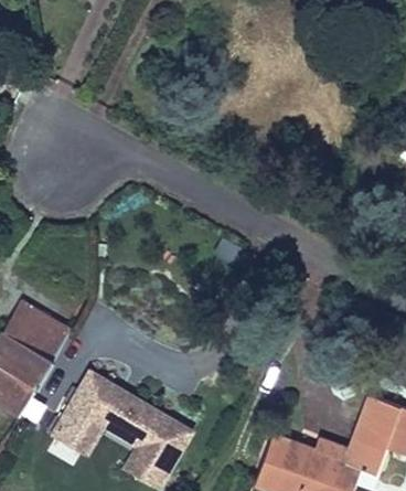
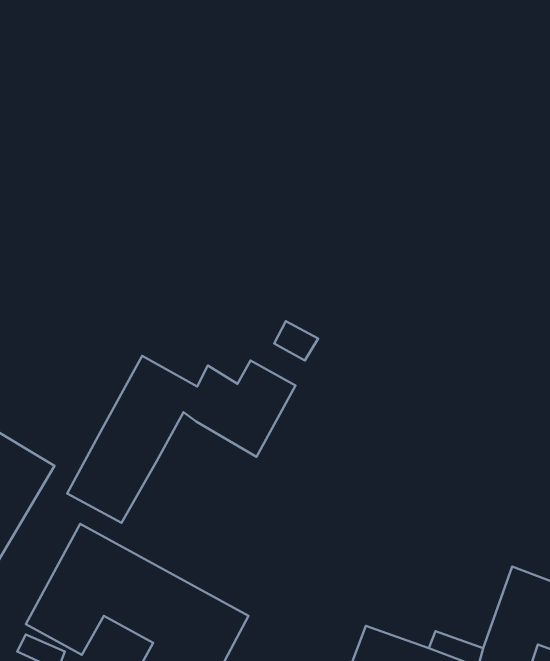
building: none -> [67,356,295,523]

